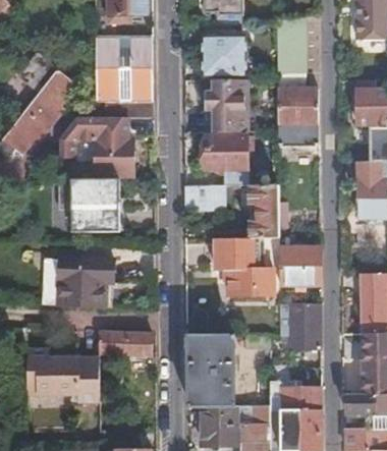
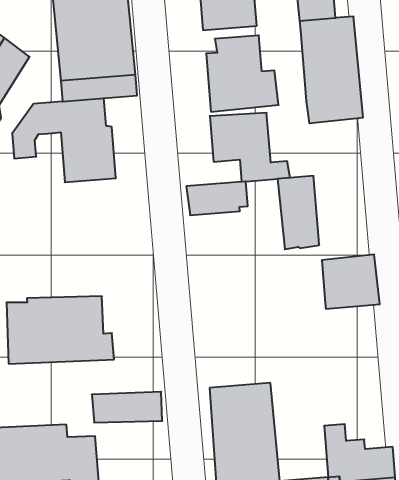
building: [58,179,120,233] -> none
building: [214,237,272,295] -> none
building: [278,303,318,349] -> none

